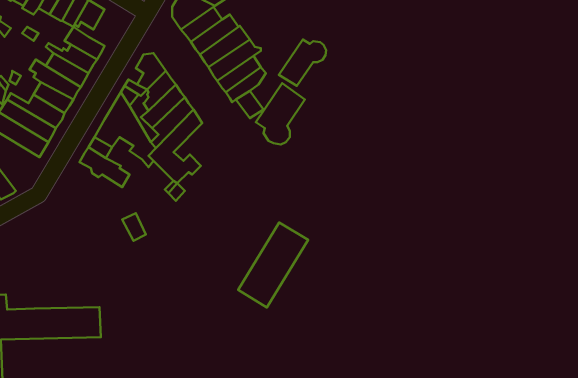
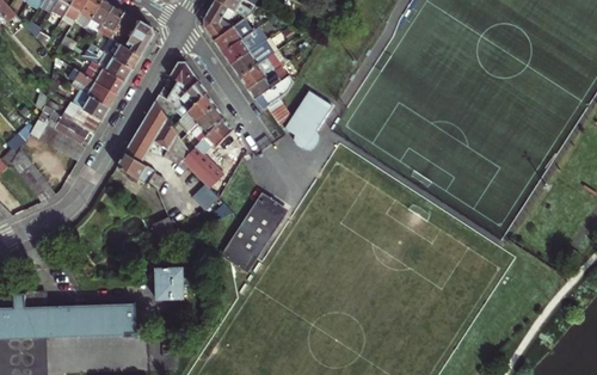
building: none -> [123,20,152,55]
building: [279,40,326,86] -> none
building: [238,222,308,307] -> [220,193,287,275]
building: none -> [155,269,184,300]

